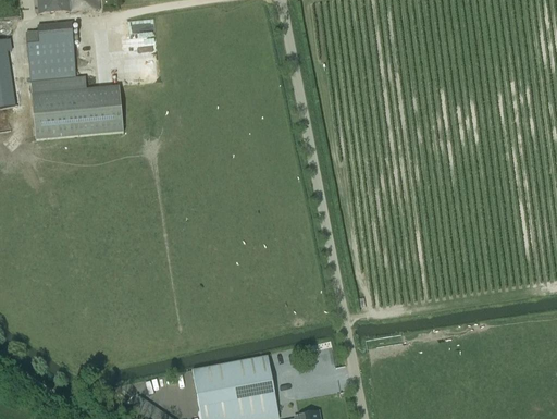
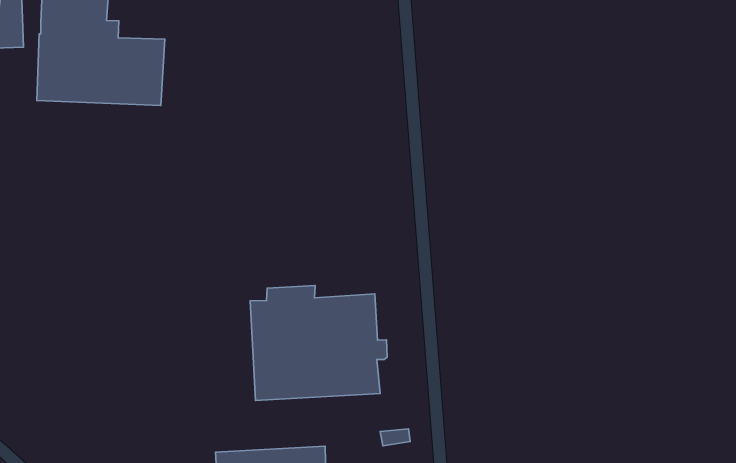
building: none -> [250,285,387,400]

